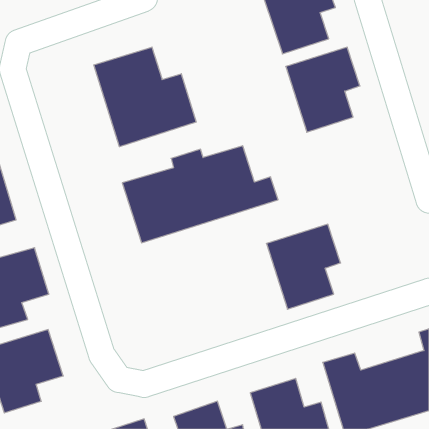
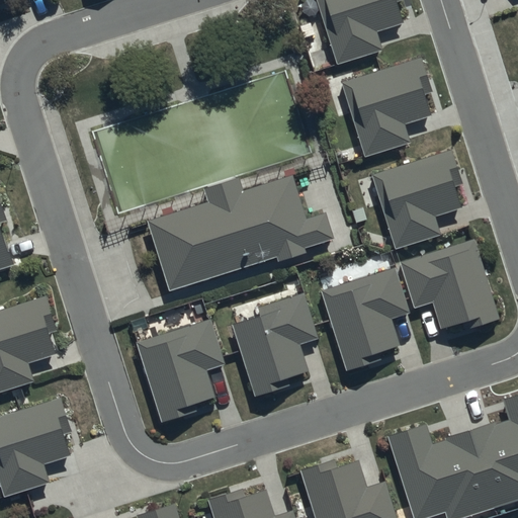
building: [94,47,196,147] -> none
building: none -> [371,149,464,247]
building: none -> [401,240,500,339]
building: none -> [231,297,320,399]
building: none -> [136,319,225,421]

